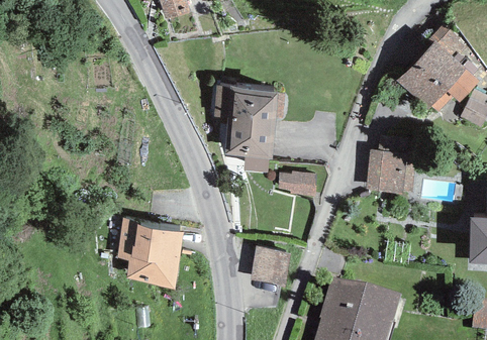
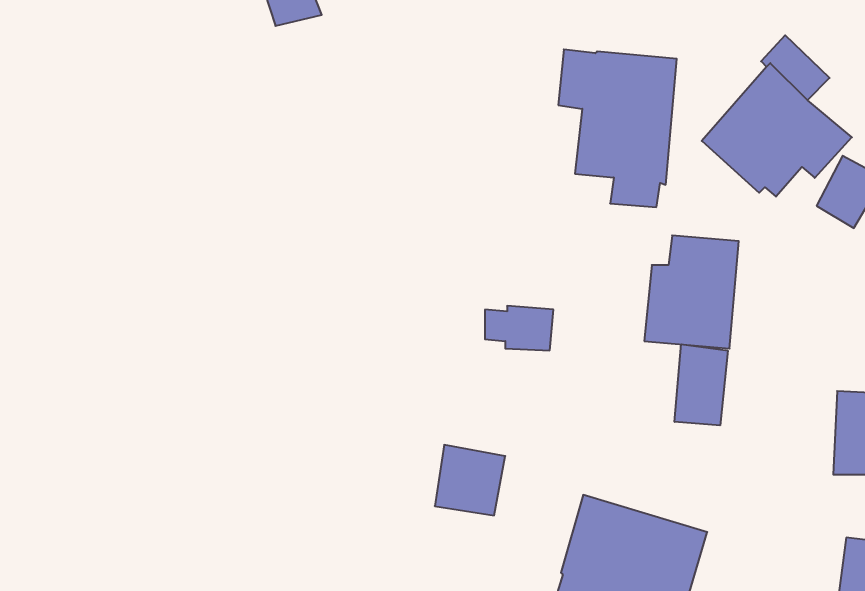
building: [214,86,279,172] -> [558,49,677,207]
building: none -> [675,344,728,425]
building: [116,218,184,289] -> none

